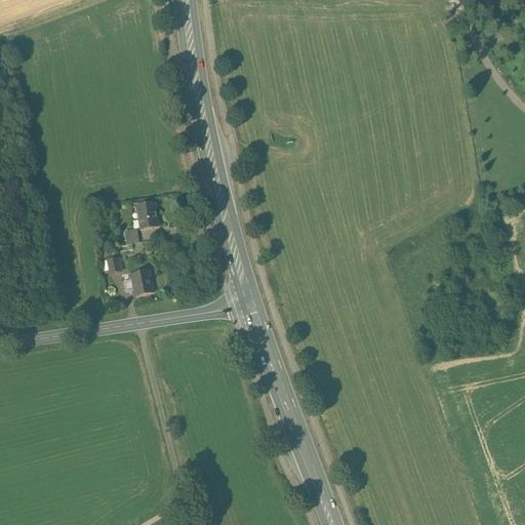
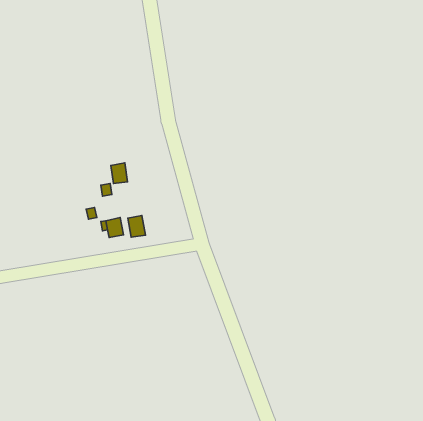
building: none -> [128,215,146,237]

